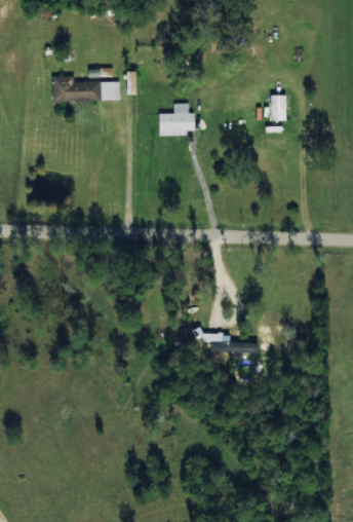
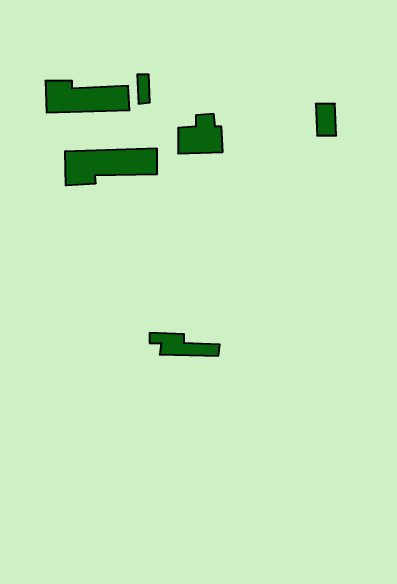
building: none -> [65,148,157,186]
building: [201,334,258,352] -> [150,333,220,356]

